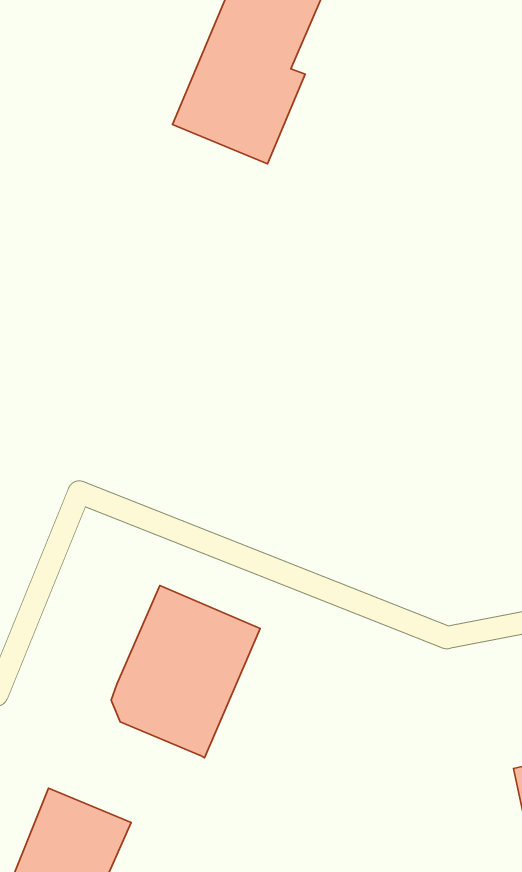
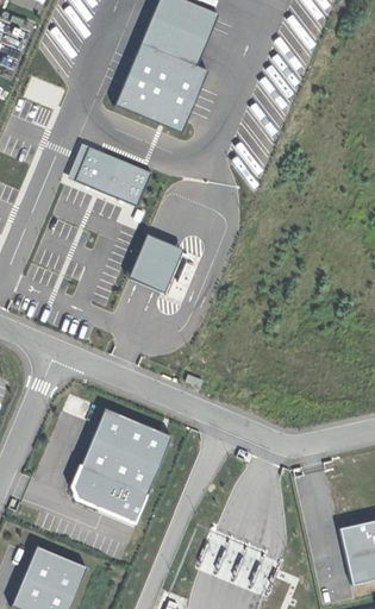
building: none -> [70,144,150,206]
building: none -> [130,233,183,291]

